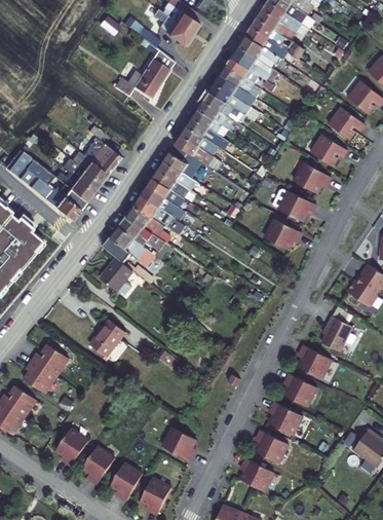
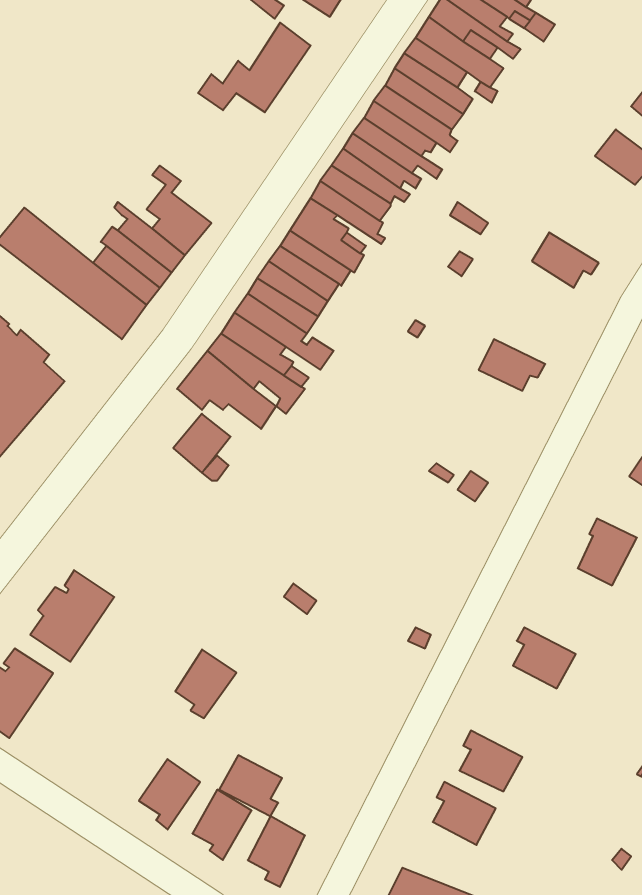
building: [310,135,345,164] -> none
building: [272,189,314,220] -> none
building: [89,320,126,358] -> none
building: [298,347,332,380] -> none
building: [269,403,303,436] -> none
building: [163,428,197,460] -> [219,755,282,816]
building: [56,429,89,466] -> [175,649,236,718]

